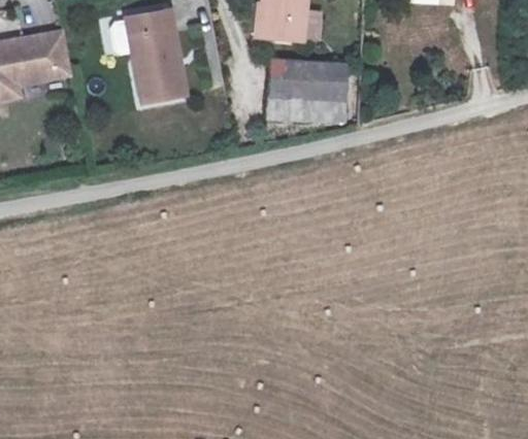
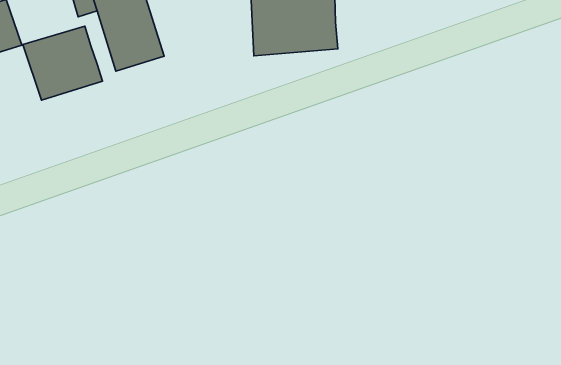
building: none -> [23,26,103,100]

